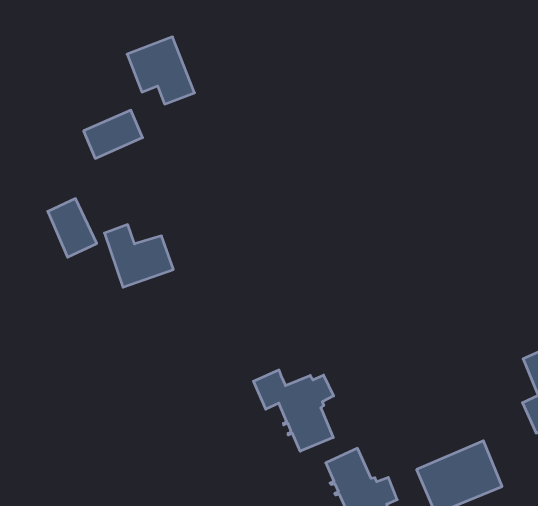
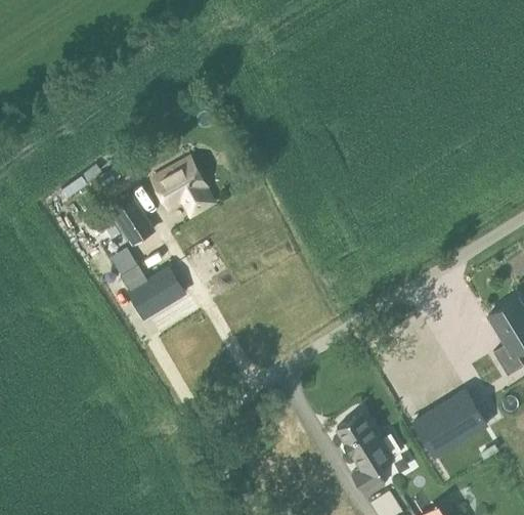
building: [127,37,195,104] -> [152,160,214,217]
building: [48,199,97,257] -> [108,197,154,247]
building: [253,370,334,451] -> none

